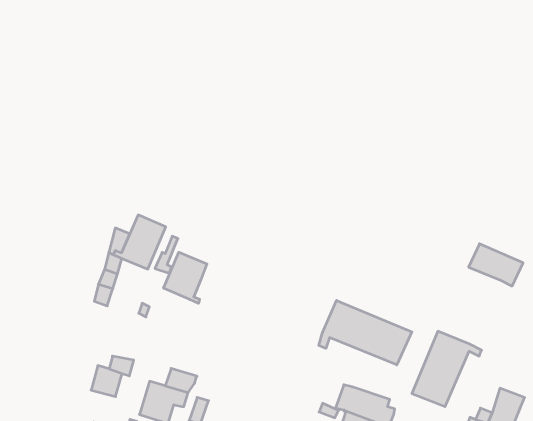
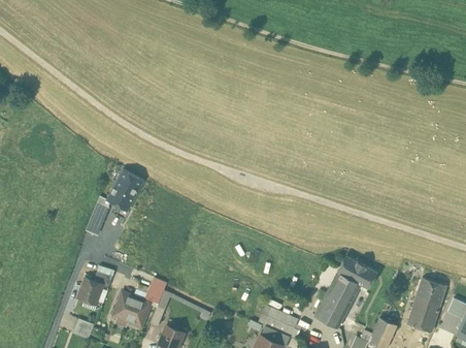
building: [469,244,523,286] -> [336,256,376,289]
building: [164,252,207,303] -> none
building: [319,300,412,365] -> none

